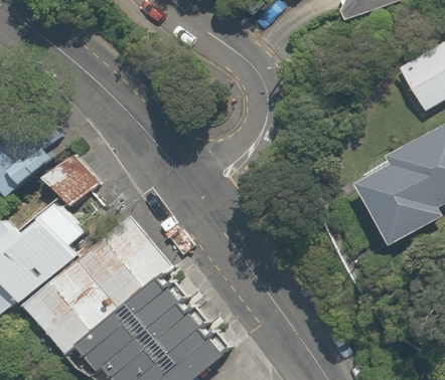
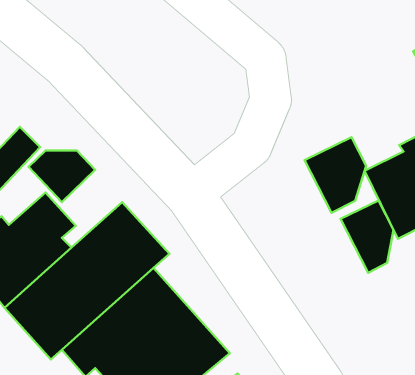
building: none -> [305,137,366,213]
building: none -> [341,200,394,273]

